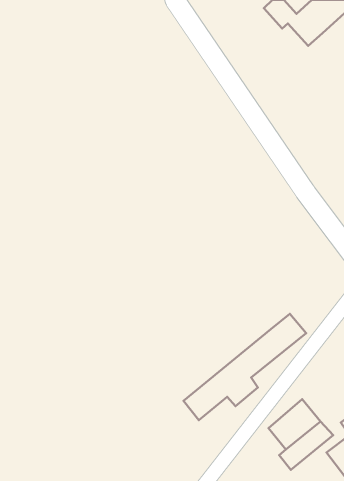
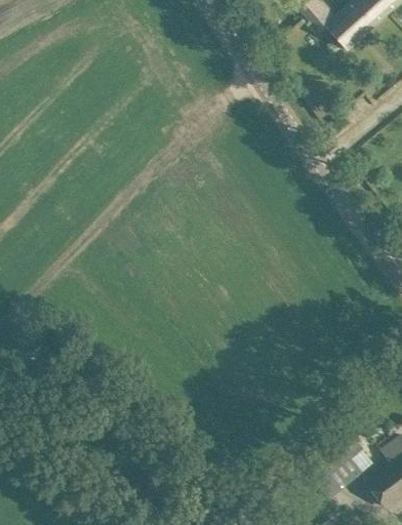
building: [183,314,306,420] -> none

